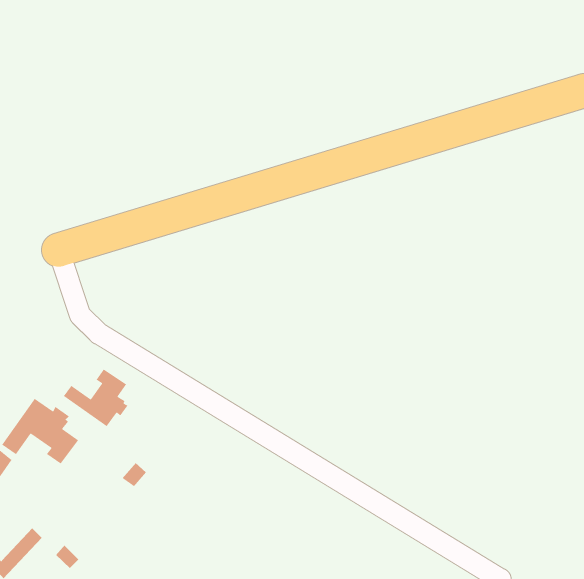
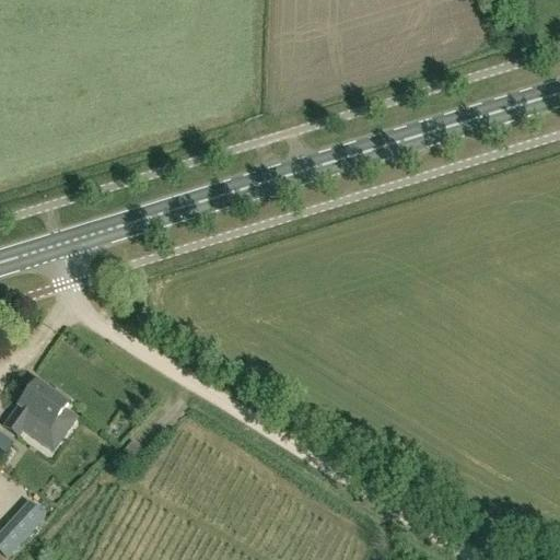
building: [63,369,129,427] -> none

